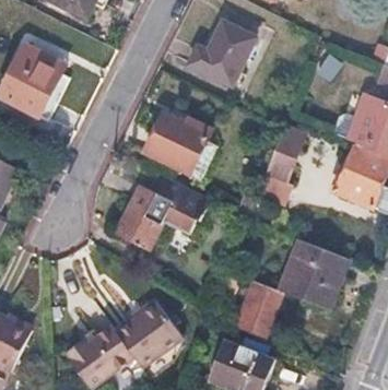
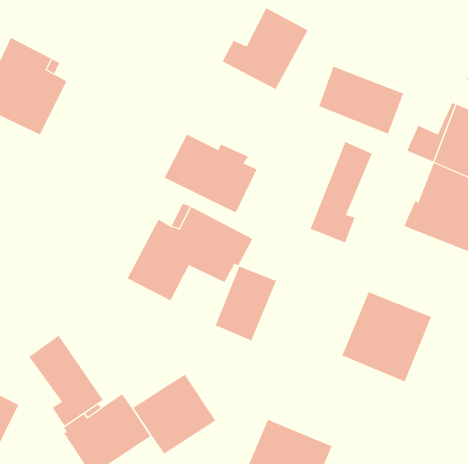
building: none -> [319,66,404,135]
building: none -> [28,334,104,427]
building: [235,280,283,338] -> [215,266,277,341]

